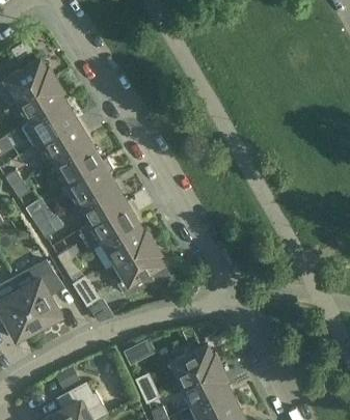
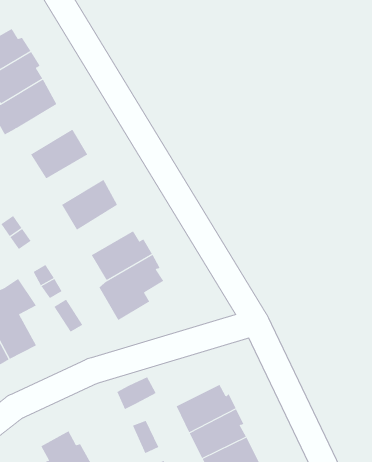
building: [43,120,88,161] -> none
building: [66,161,113,201] -> none
building: [91,201,137,242] -> none

